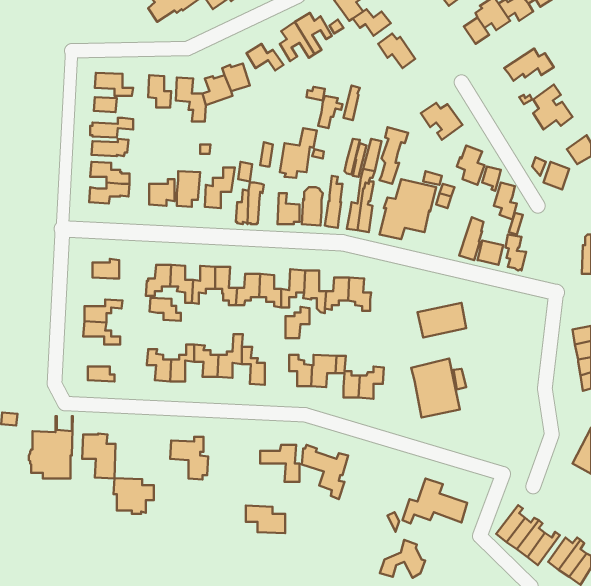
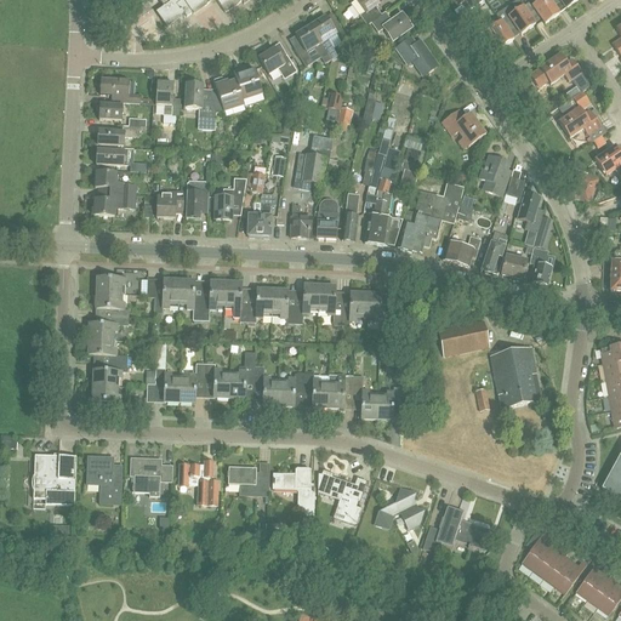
building: none -> [443,234,480,264]
building: [149,298,181,321] -> [96,291,129,315]
building: [285,307,310,338] -> [278,371,303,404]
building: none -> [92,361,126,384]
building: [411,359,460,418] -> [490,344,541,406]
building: [113,478,154,514] -> [130,456,172,494]
building: [246,506,285,533] -> [228,465,269,494]
building: [380,540,425,578] -> [375,488,422,528]

